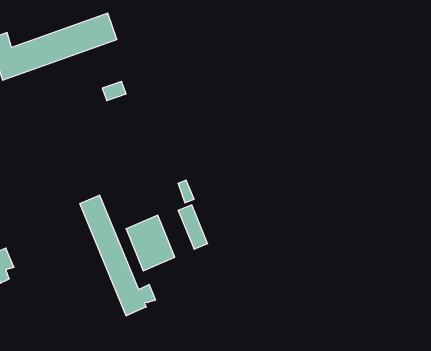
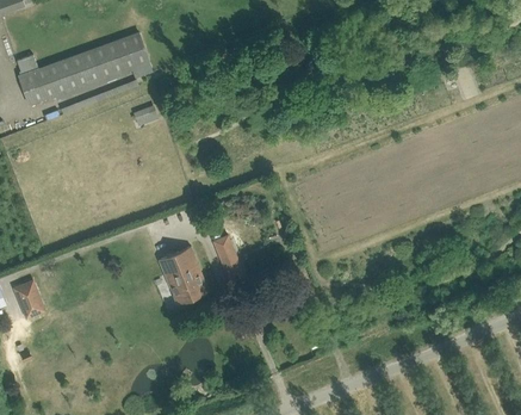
building: [80,195,156,316] -> none

